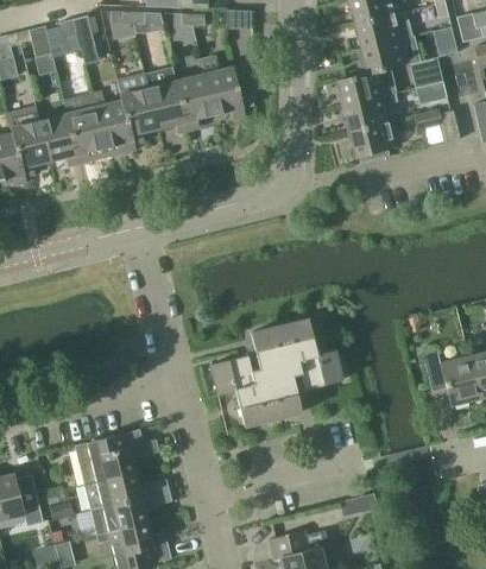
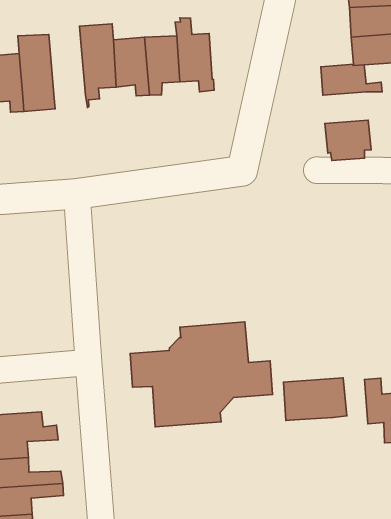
building: [90,90,135,158] -> none
building: [343,94,397,131] -> none
building: none -> [283,378,347,421]

